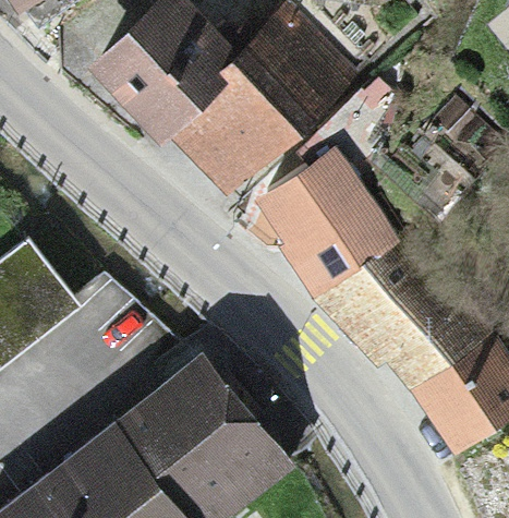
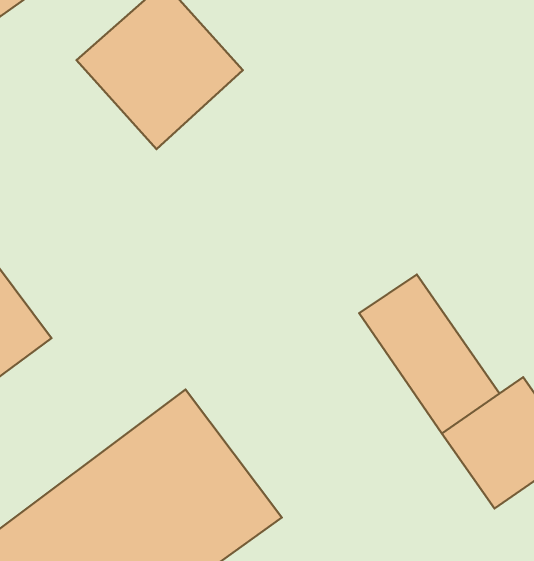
building: [170,25,354,202] -> none
building: [272,162,385,287] -> none

